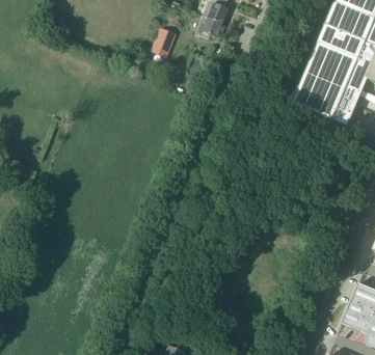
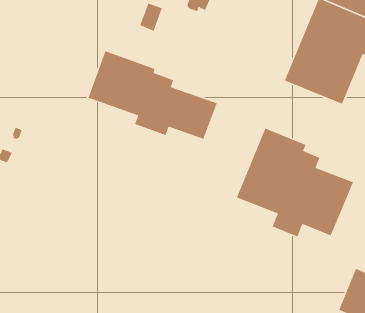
building: none -> [87,50,218,140]
building: none -> [236,128,354,238]

